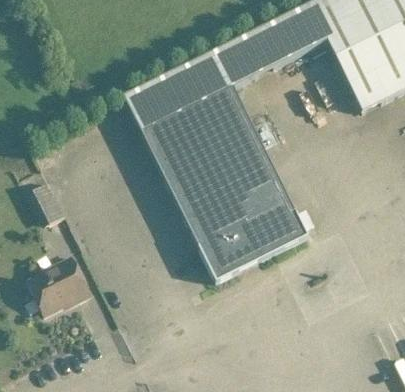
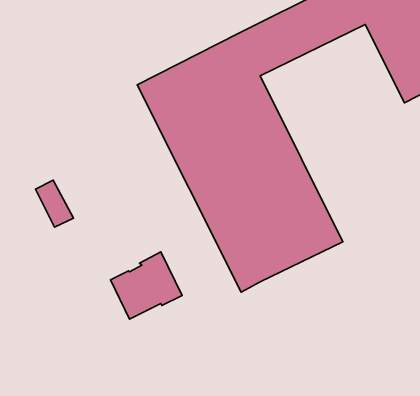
building: [28,257,92,317] -> [110,252,182,319]

